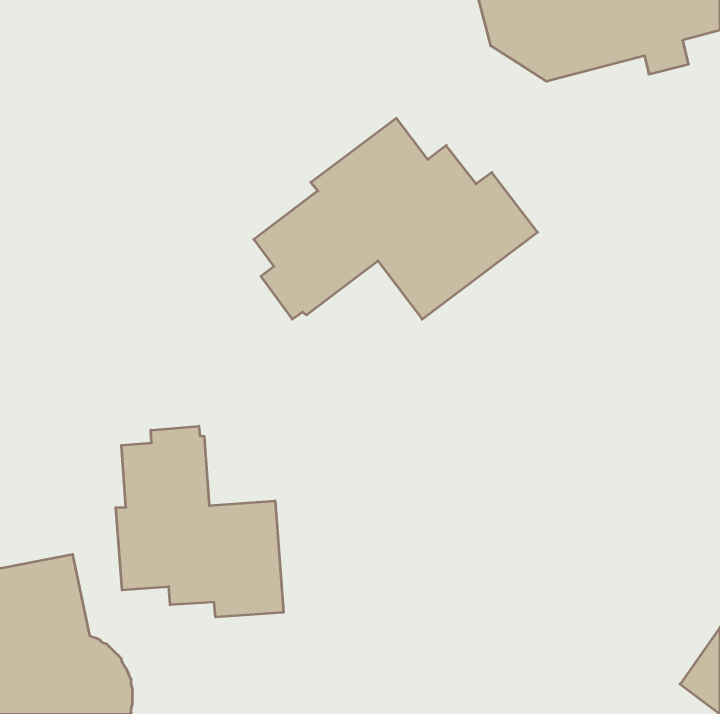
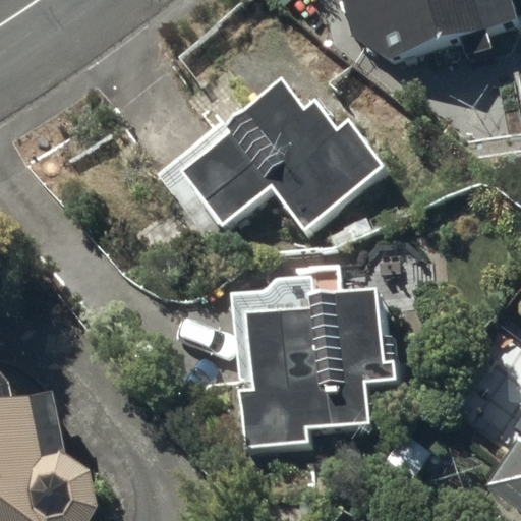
building: none -> [237,293,398,447]
building: [116,426,283,617] -> none

